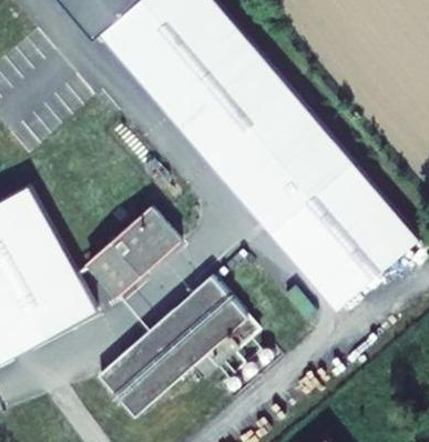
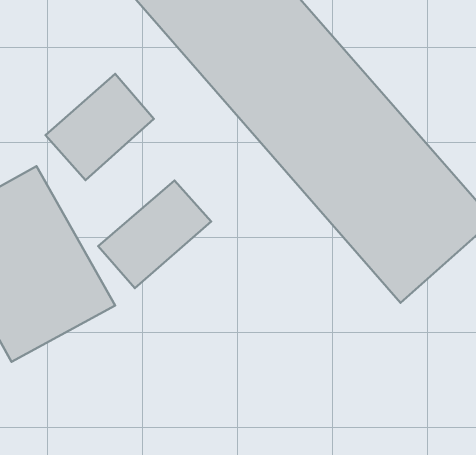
building: none -> [46,74,154,180]
building: [92,269,255,413] -> none

